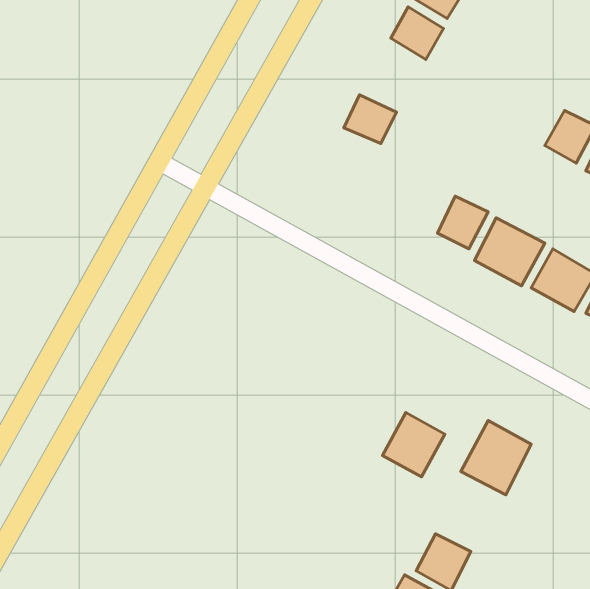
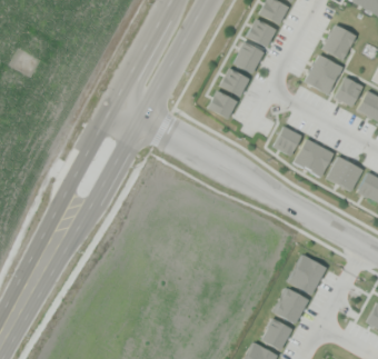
building: none -> [321,26,355,60]
building: none -> [232,42,263,74]
building: none -> [305,56,341,94]
building: none -> [207,91,237,119]
building: [383,413,445,477] -> [272,288,308,325]

